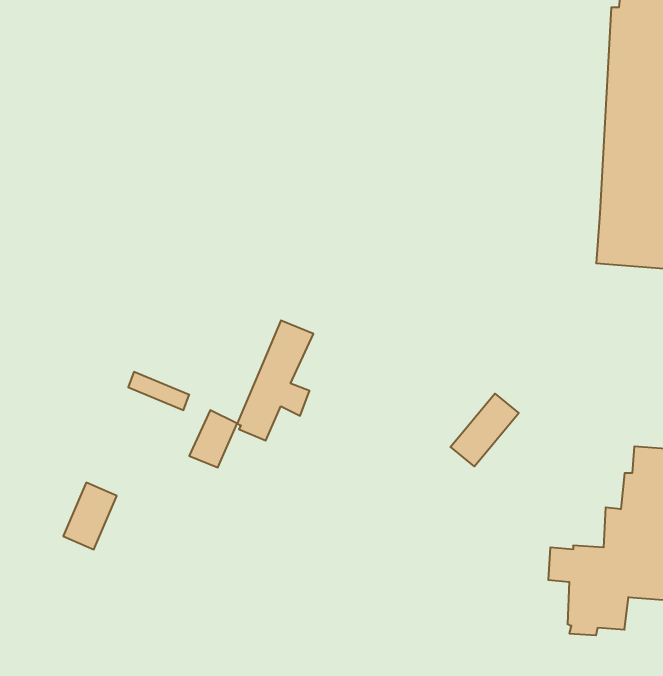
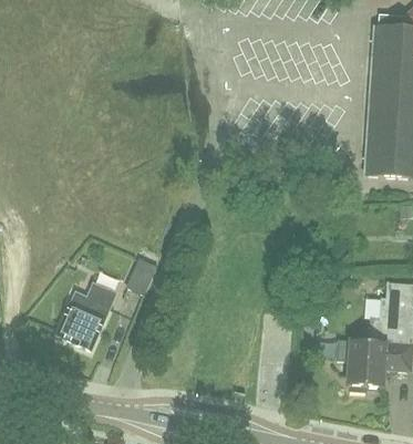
building: [237,320,313,441] -> [73,280,117,350]
building: [450,394,519,466] -> none

